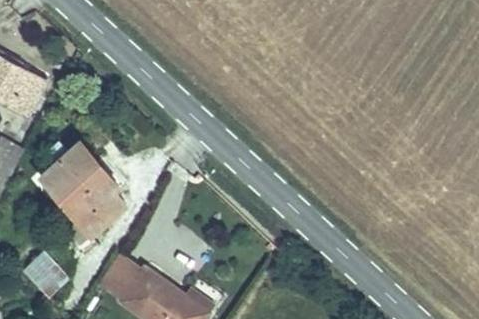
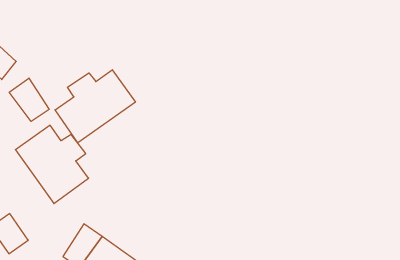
building: none -> [55,70,135,143]
building: none -> [9,78,49,121]

